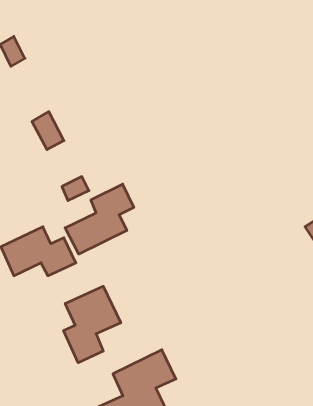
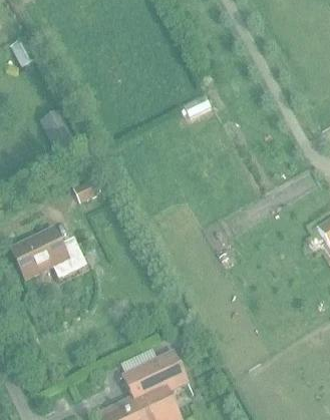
building: [65,184,134,254] -> none
building: [64,286,121,363] -> none

